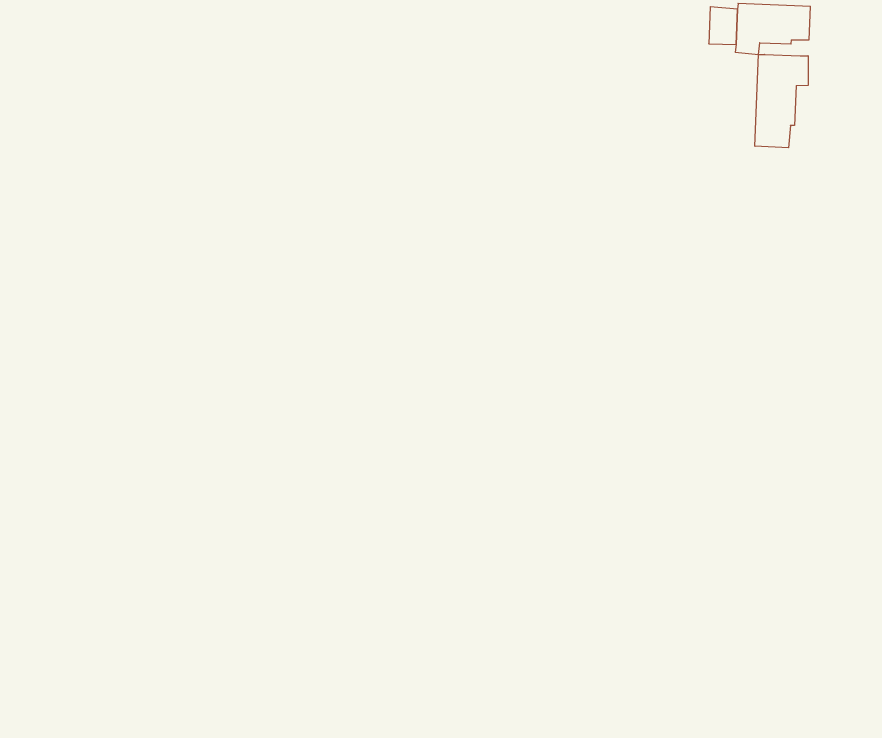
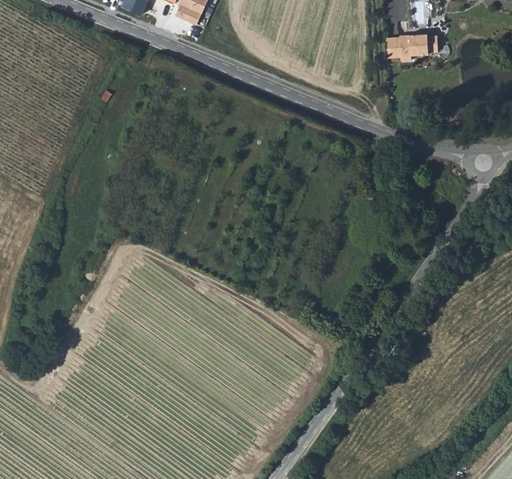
building: [755,54,808,148] -> none

